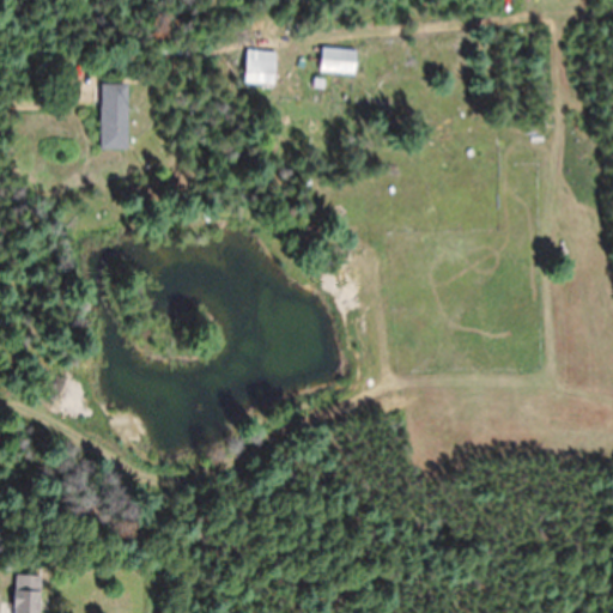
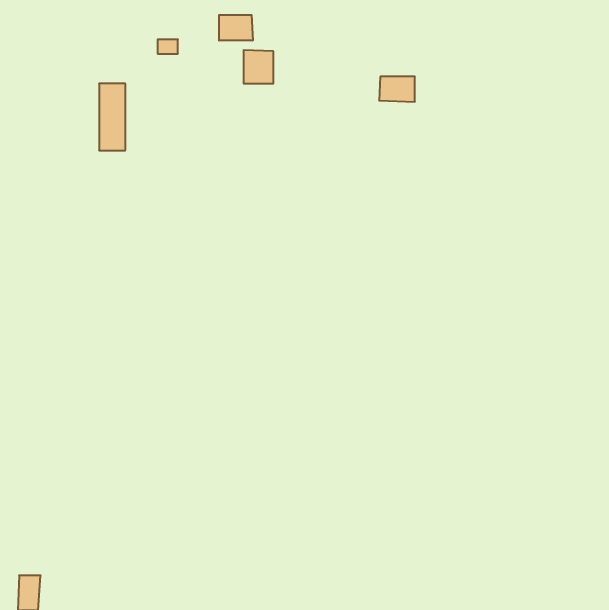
building: none -> [219,15,253,41]
building: [320,49,356,74] -> [379,77,415,102]

